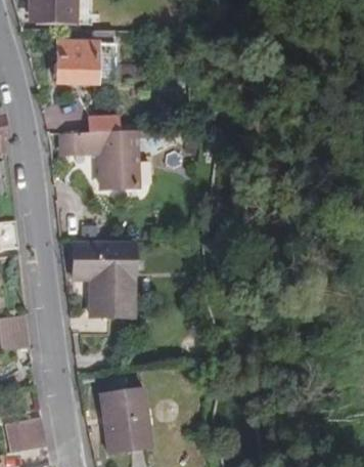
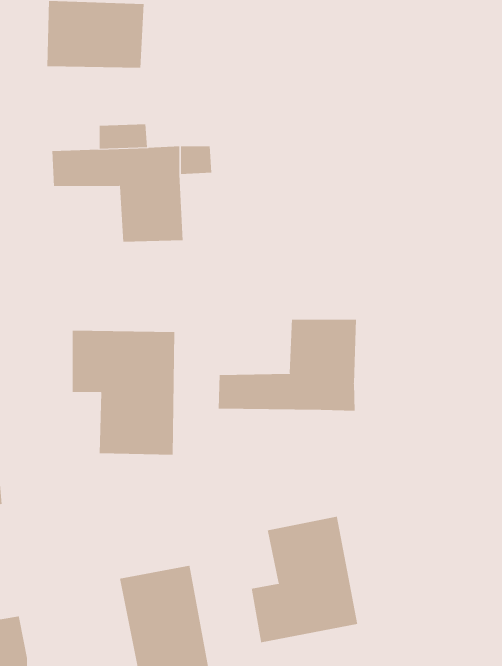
building: none -> [218,319,356,412]
building: none -> [251,516,358,643]

